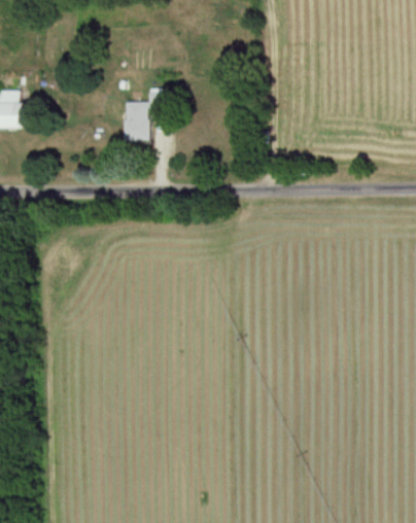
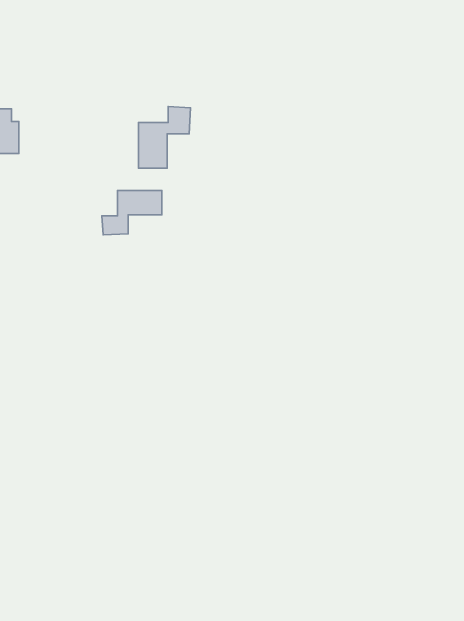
building: none -> [102,191,162,235]

